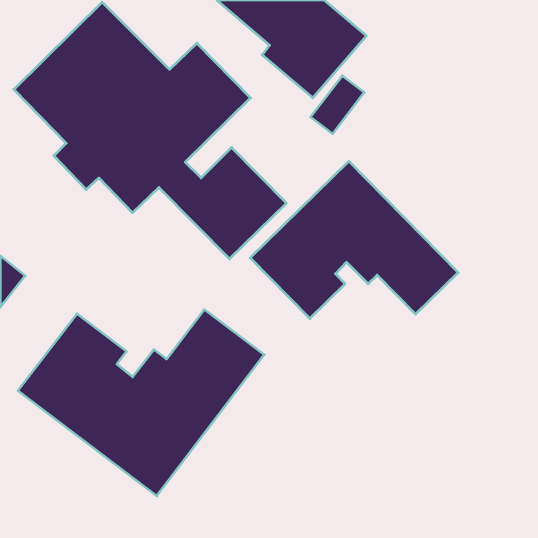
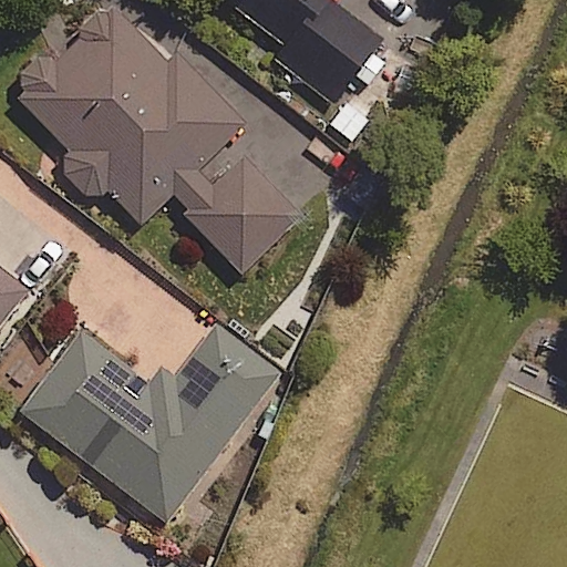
building: [250,161,458,319] -> none

